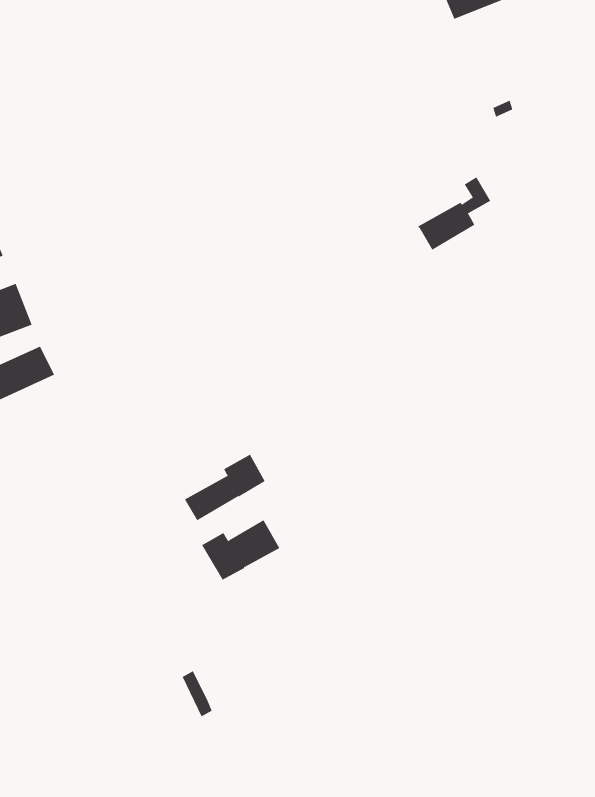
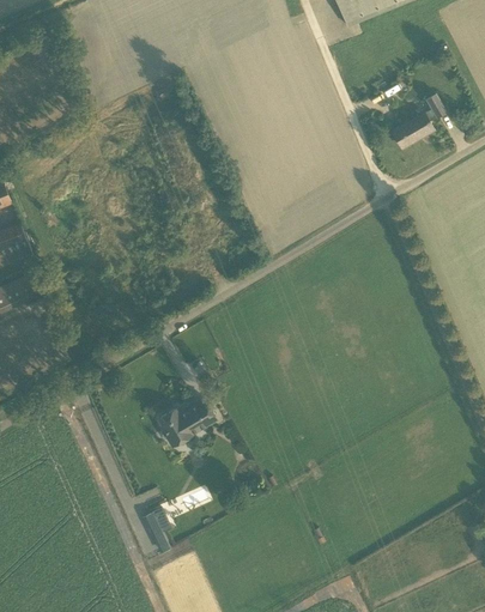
building: [417,177,491,251] -> [388,95,443,150]
building: [184,454,265,521] -> none

